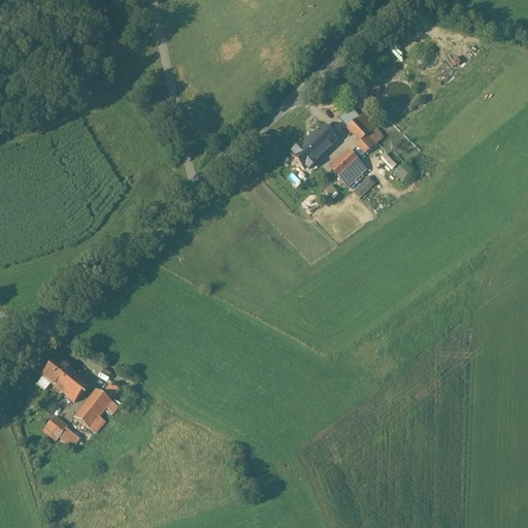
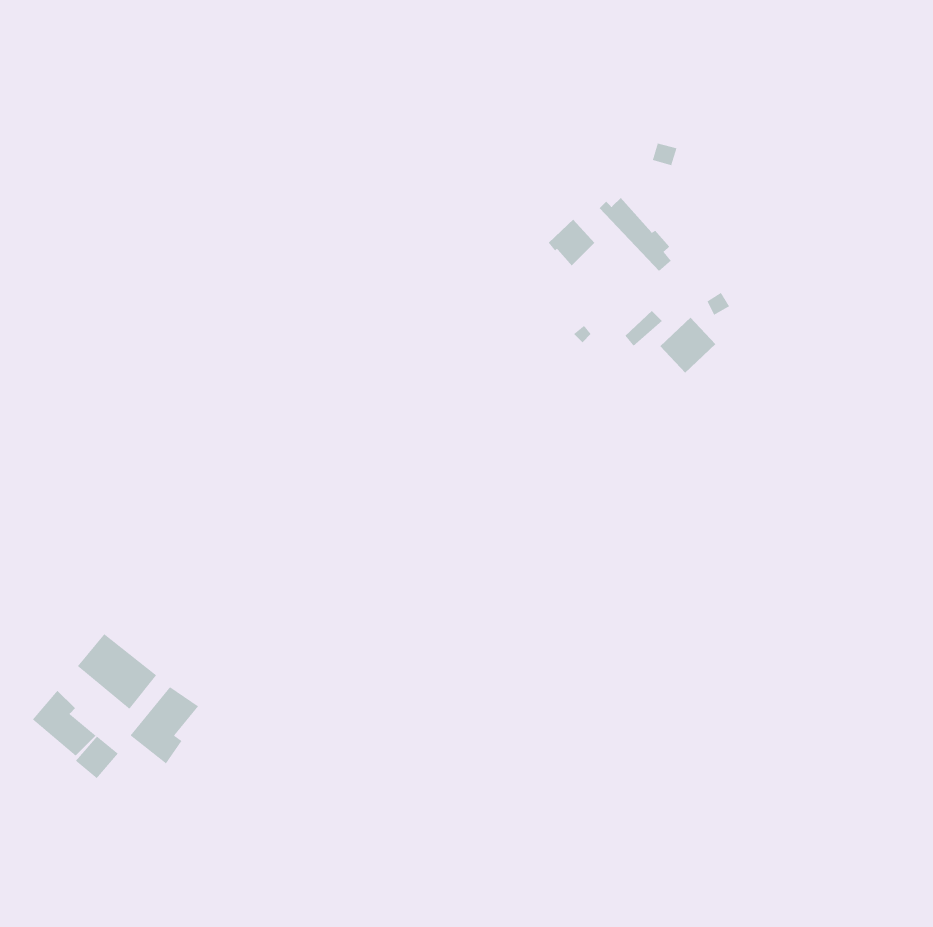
building: [293,137,323,167] -> none
building: [330,150,362,182] -> [659,317,716,374]
building: none -> [32,690,97,756]

